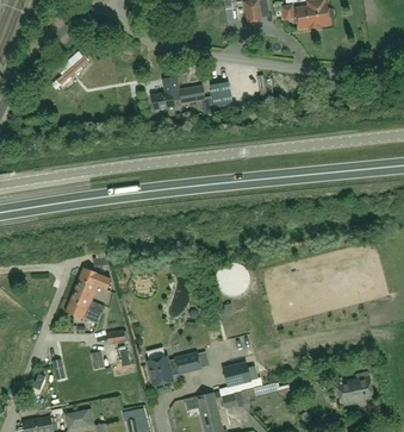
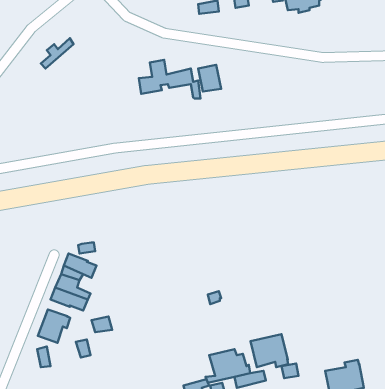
building: none -> [38,309,70,343]
building: none -> [250,334,288,367]
building: [148,352,200,384] -> none

